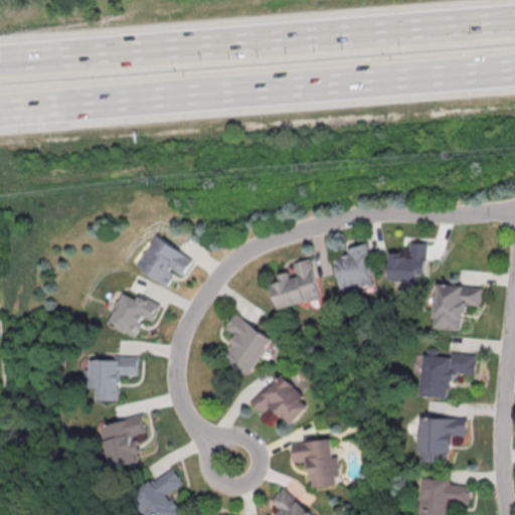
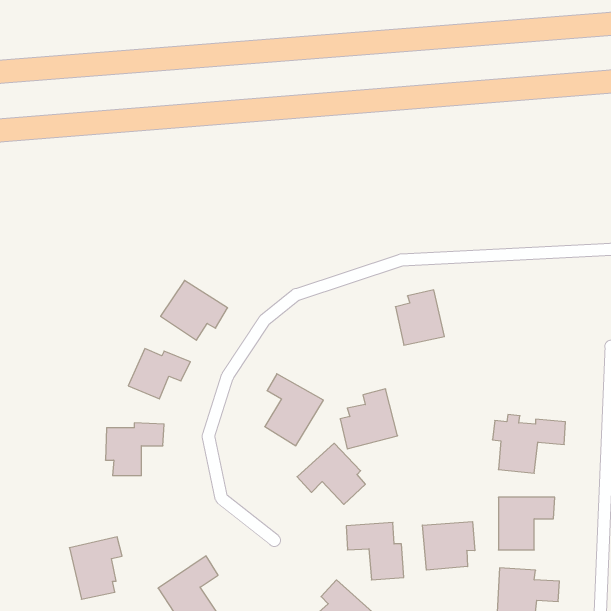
building: [387,242,425,282] -> none
building: [272,259,320,309] -> [340,389,398,449]
building: [428,285,481,331] -> none
building: [102,416,146,469] -> [69,537,122,599]
building: none -> [422,522,475,570]

